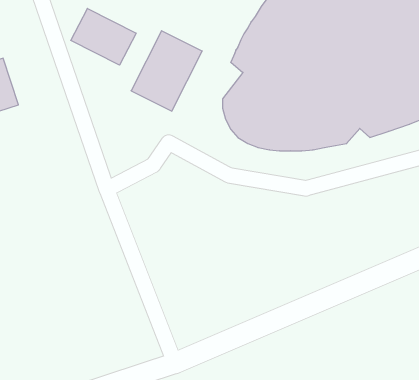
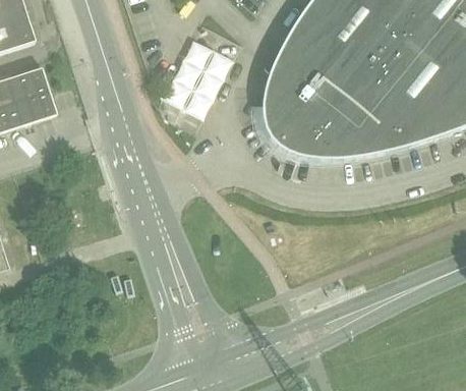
building: [71,8,136,65] -> none

